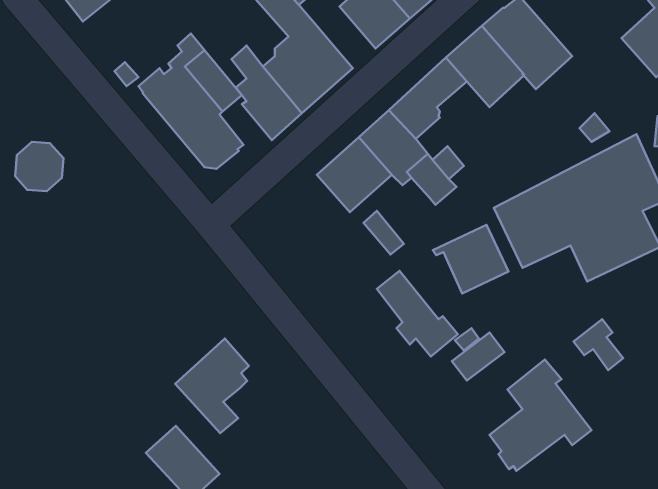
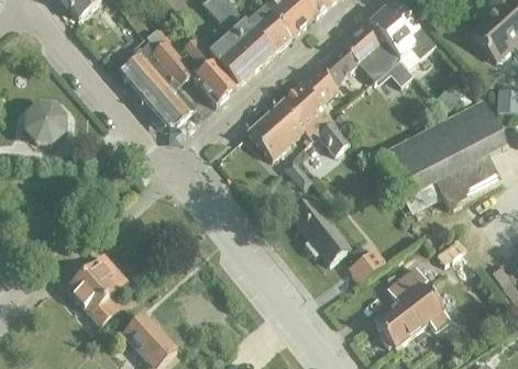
building: none -> [247,8,290,53]
building: [433,225,508,293] -> none
building: [175,339,249,433] -> [67,255,121,324]

